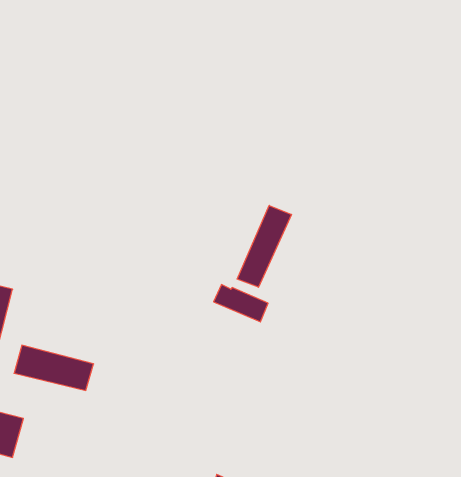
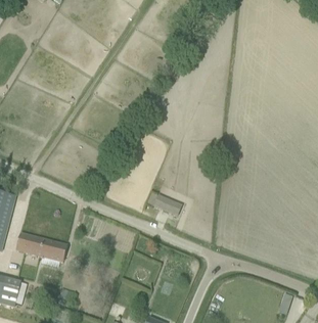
building: [237,205,291,287] -> none

